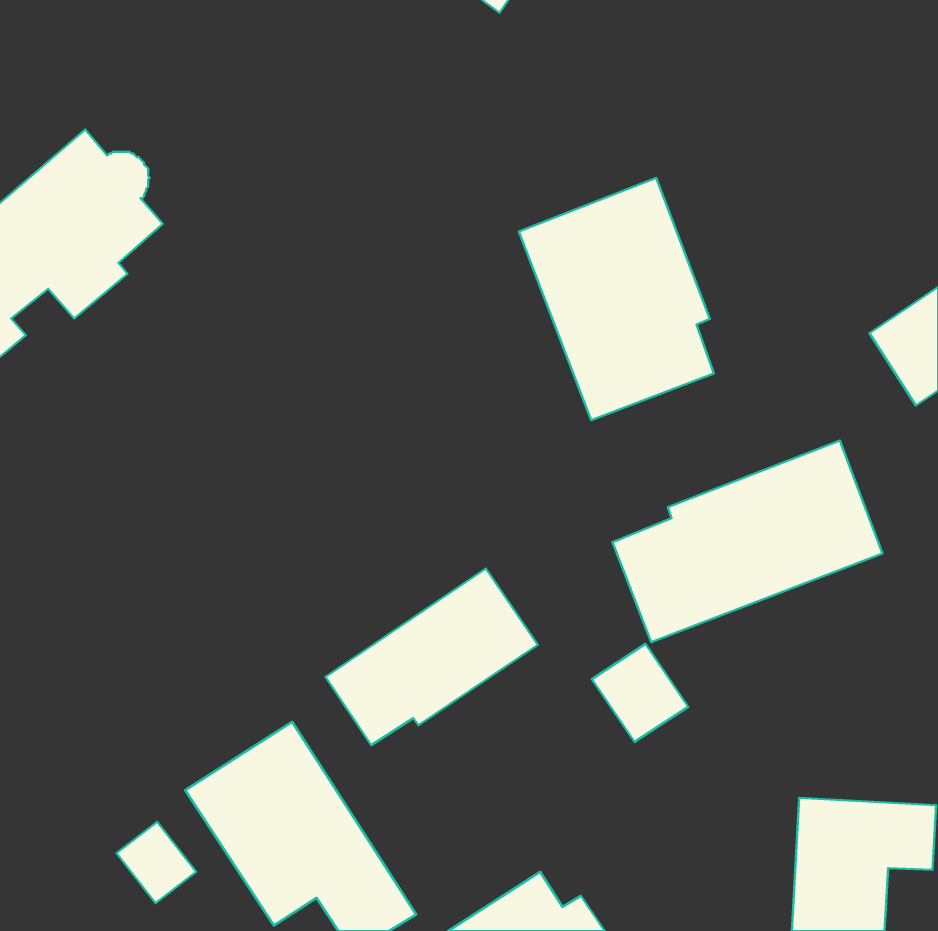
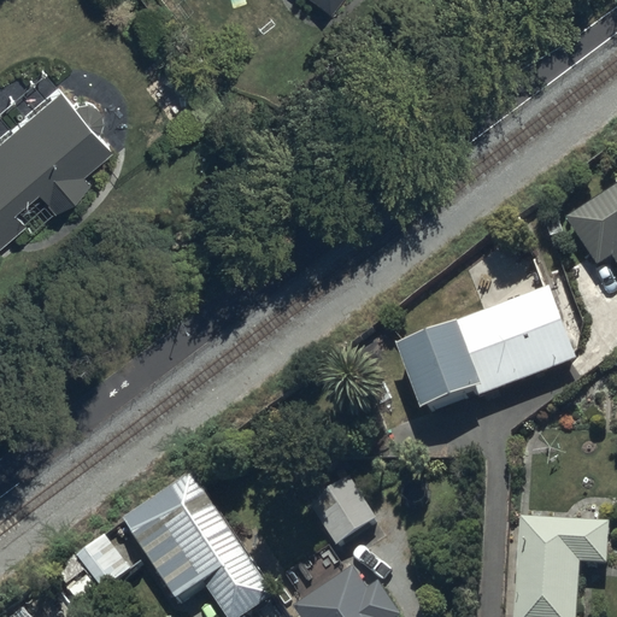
building: [519,178,714,420] -> none
building: [325,568,538,745] -> none
building: [592,644,688,742] -> [312,476,375,540]

